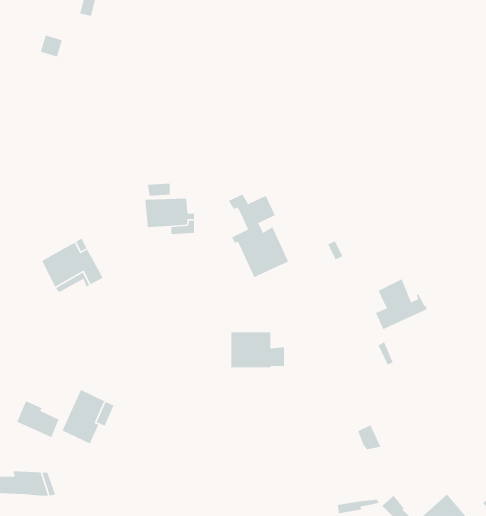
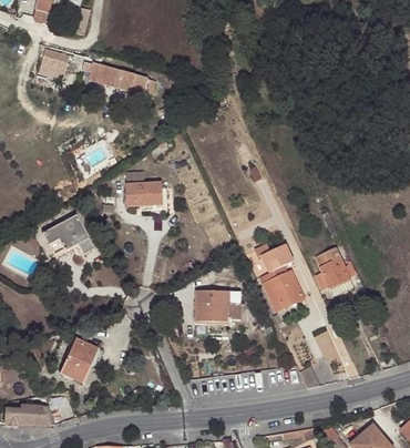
building: none -> [96,64,155,94]
building: [228,194,289,278] -> [254,243,304,312]
building: [16,400,59,438] -> none

